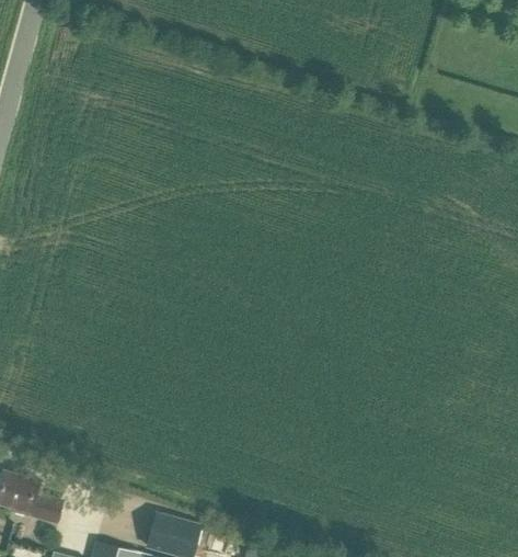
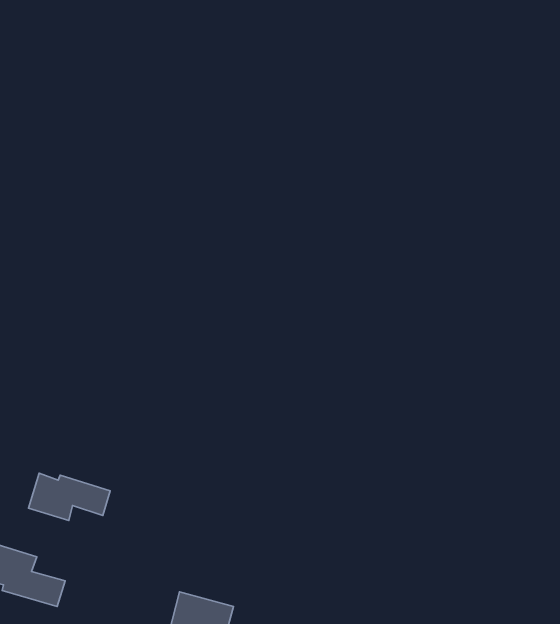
building: none -> [28,473,110,520]

